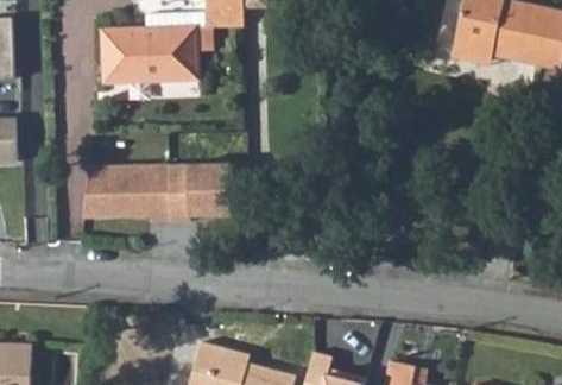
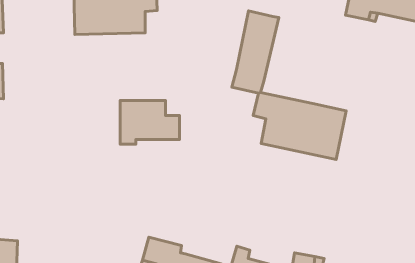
building: none -> [232,11,346,160]
building: [80,166,163,222] -> none

